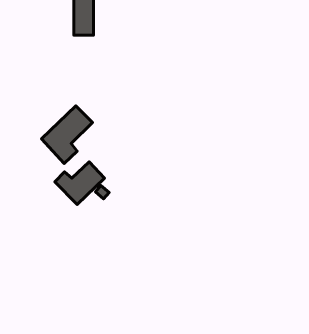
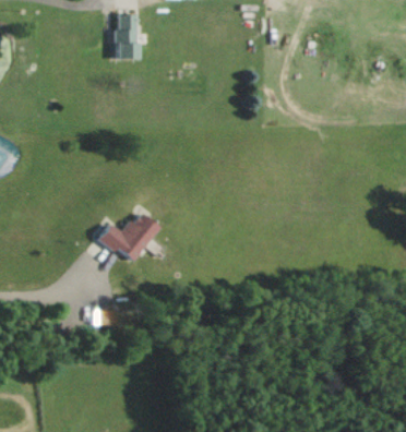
building: [42,106,92,163] -> none

